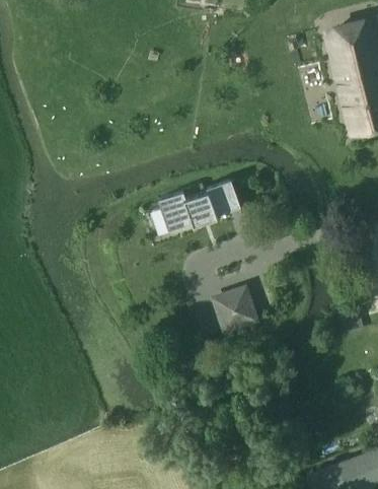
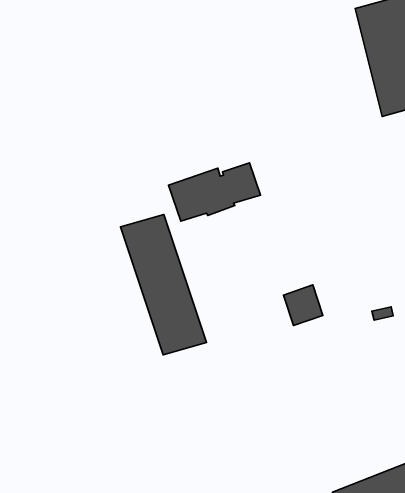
building: none -> [120,215,206,355]
building: [216,290,251,327] -> [283,285,323,325]

